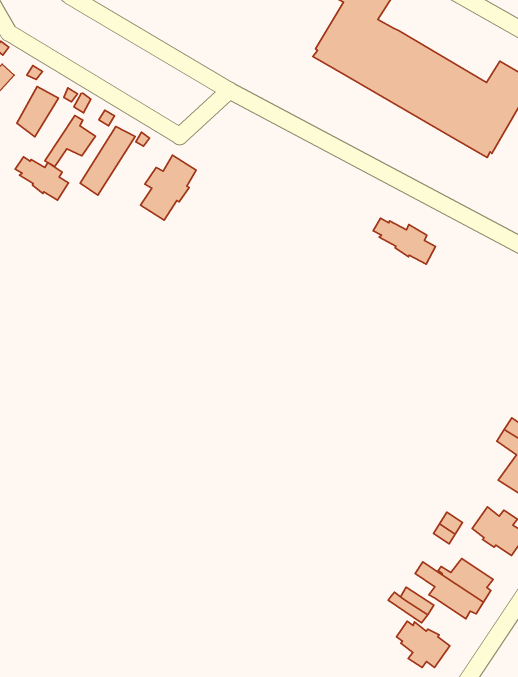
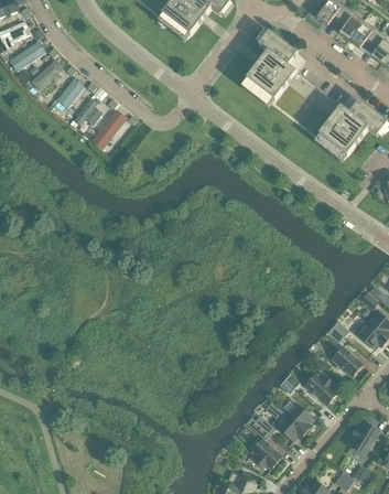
building: [141,155,196,220] -> none
building: [15,157,68,200] -> none
building: [373,218,436,264] -> none

